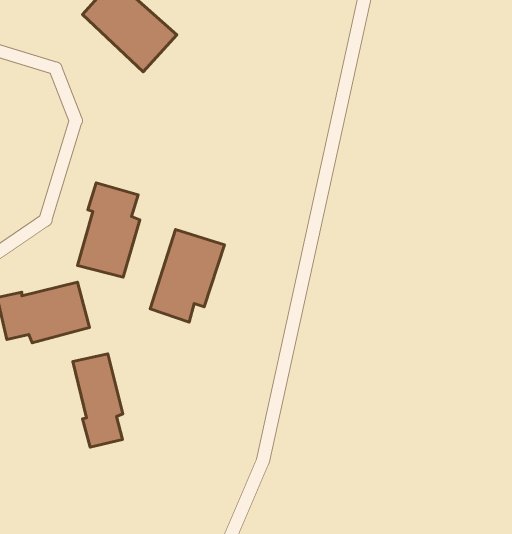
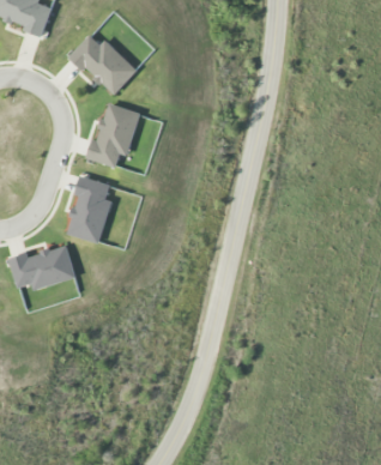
building: [150,230,224,322] -> [89,102,141,168]
building: [73,354,123,447] -> none

